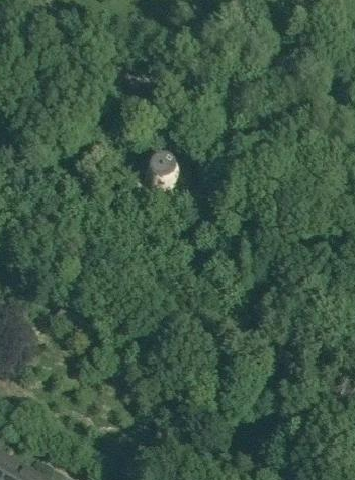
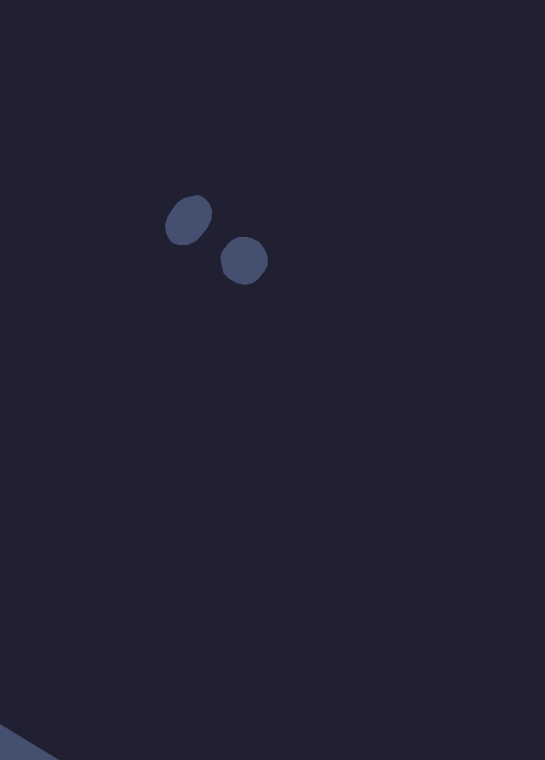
building: none -> [164,194,213,246]

